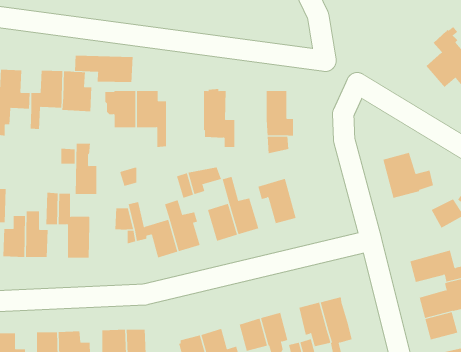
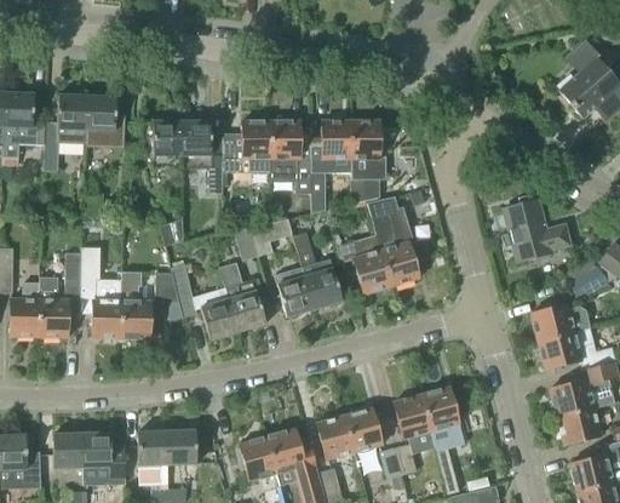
building: [74,55,133,83] -> none
building: none -> [223,120,270,172]
building: none -> [311,120,351,213]
building: [75,143,97,195] -> [122,271,151,338]
building: none -> [368,195,419,286]
building: none -> [530,301,591,342]

